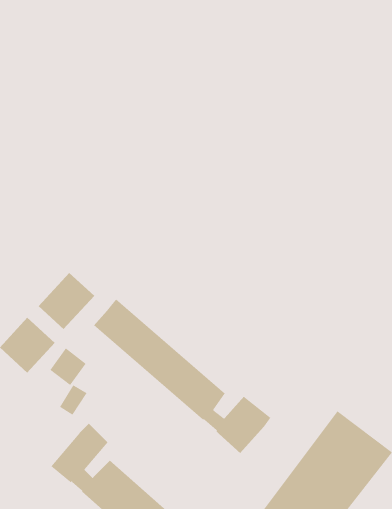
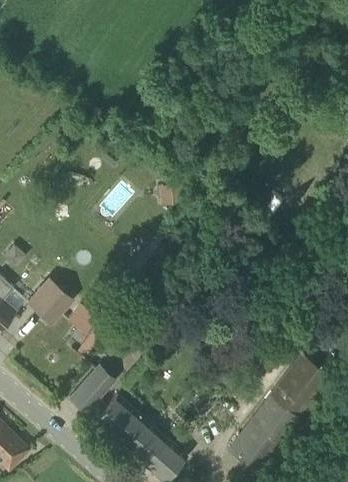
building: [38,272,95,330] -> none
building: [93,299,271,454] -> none

